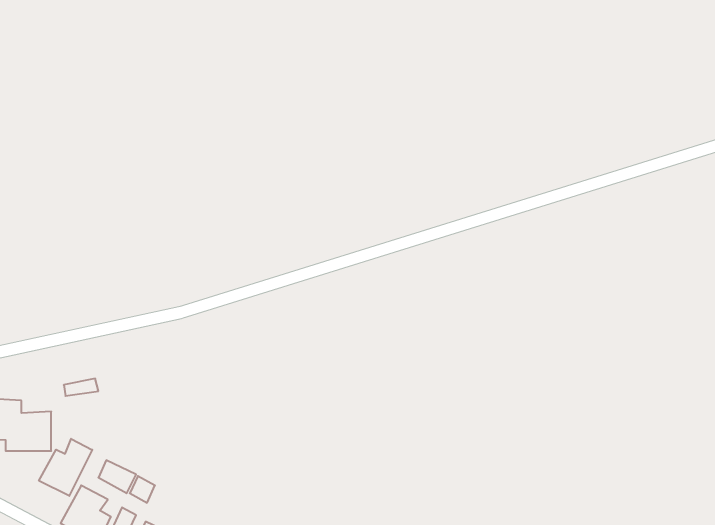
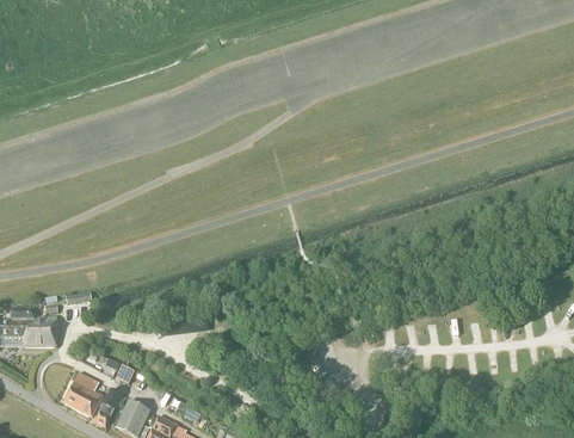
building: [39,439,92,496] -> none

